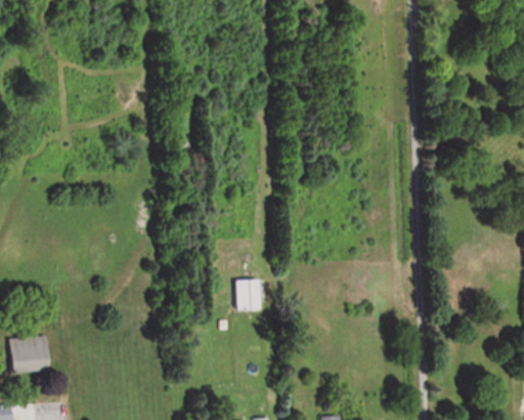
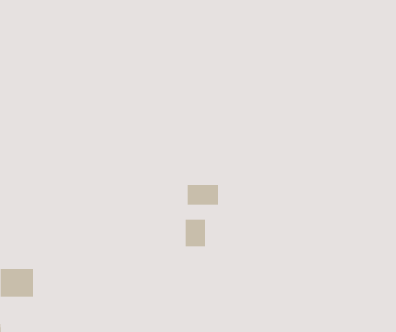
building: none -> [187,184,218,205]

